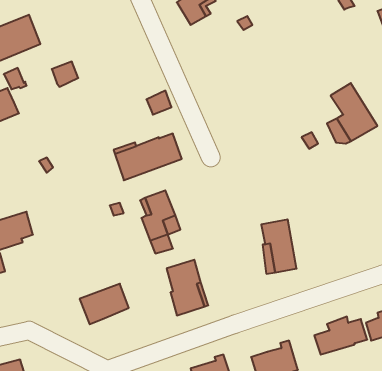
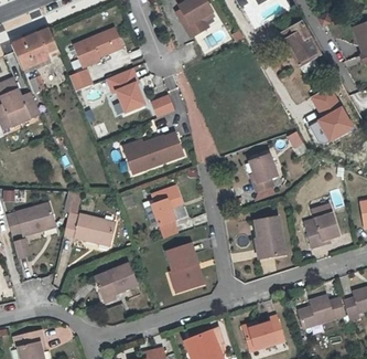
building: none -> [280,22,319,70]
building: none -> [73,29,123,68]
building: none -> [107,70,144,114]
building: none -> [249,156,277,190]
building: none -> [303,203,337,245]
building: none -> [65,214,115,244]

